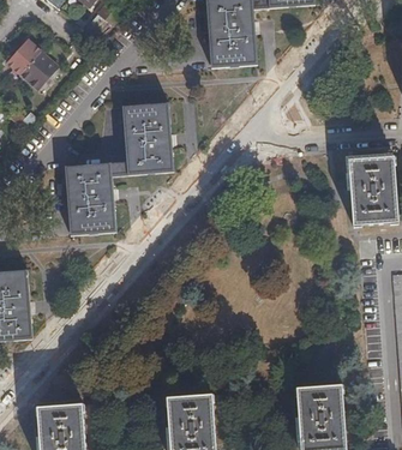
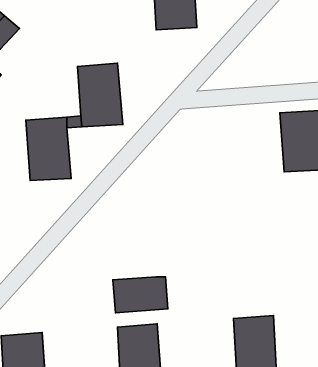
building: none -> [113,277,168,313]

